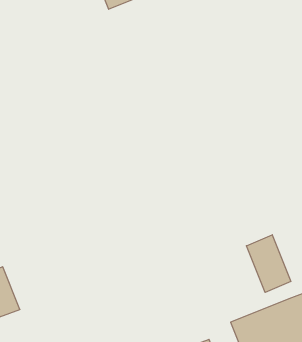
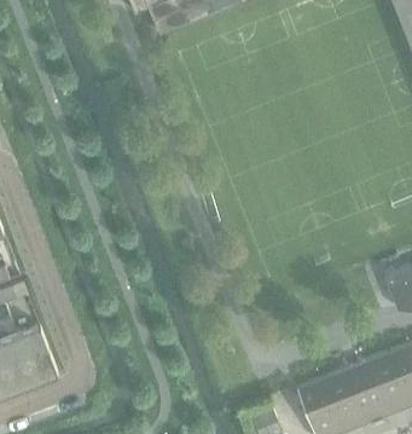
building: [246,235,291,292] -> none

